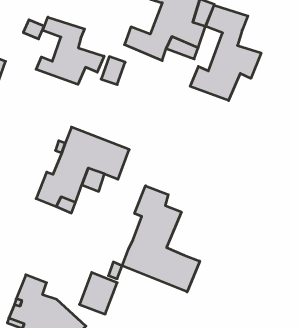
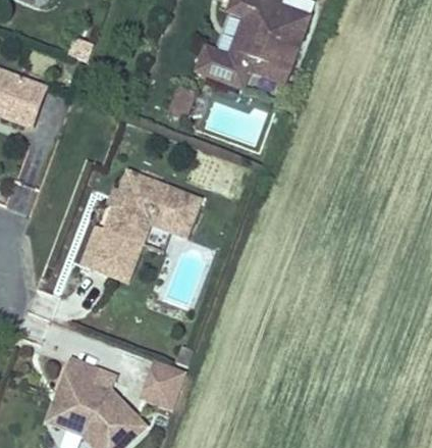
building: [190,5,261,101] -> none
building: [36,17,104,84] -> none
building: [122,186,200,292] -> none

